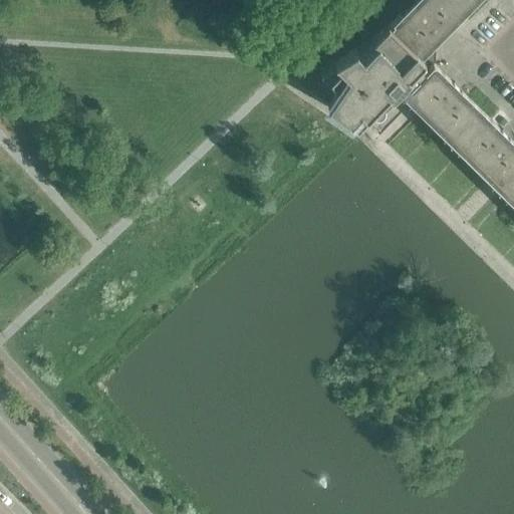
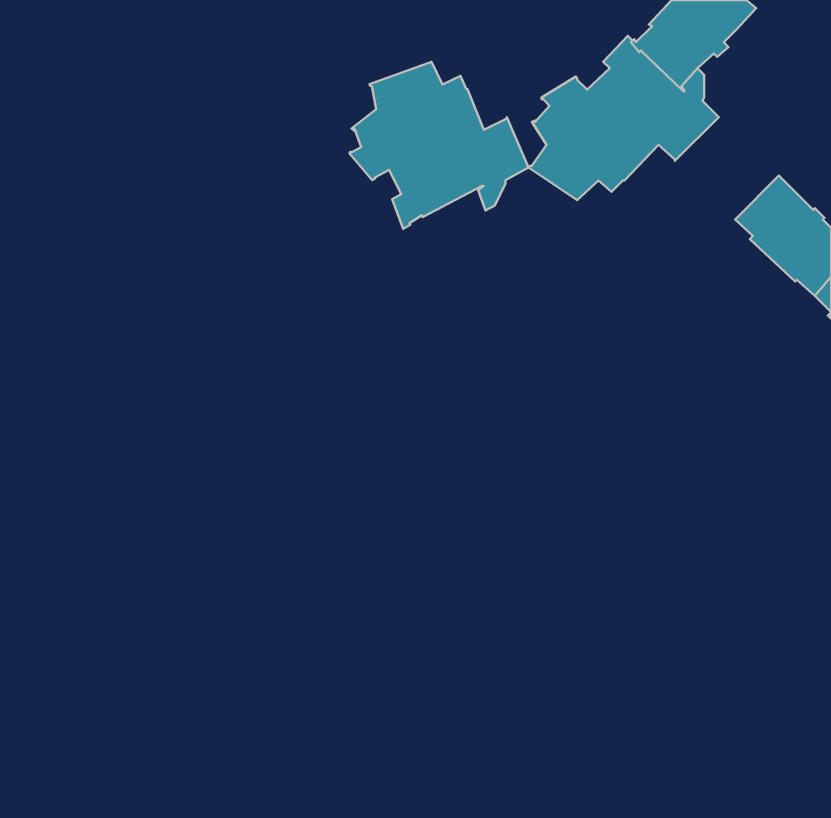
building: none -> [349,62,529,229]
building: [415,80,481,144] -> none

